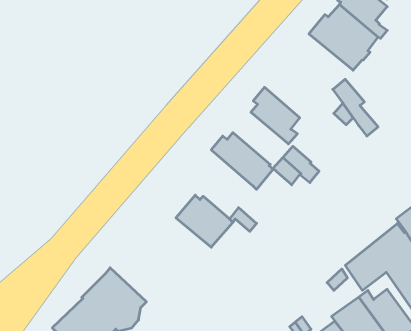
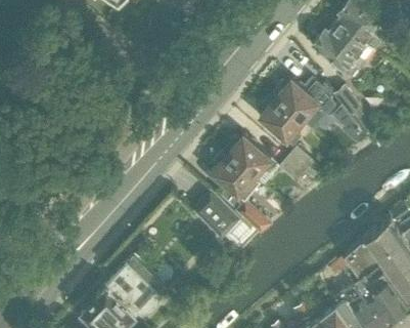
building: none -> [272,80,334,130]
building: none -> [212,152,262,203]

